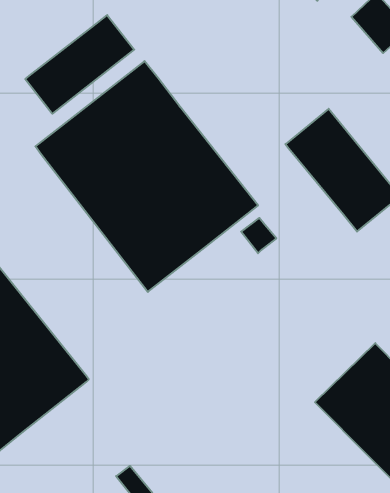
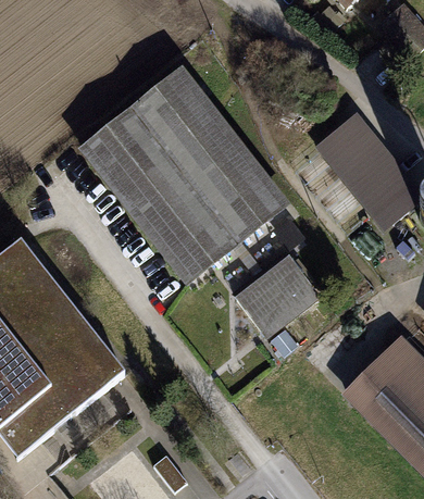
building: [25,15,134,114] -> none
building: none -> [232,249,321,336]

